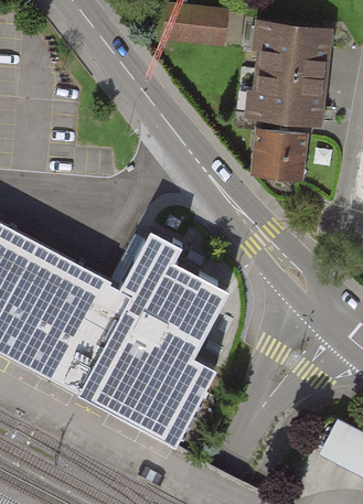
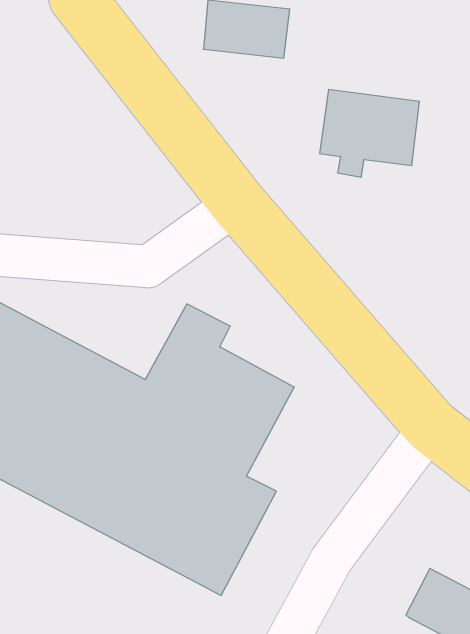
building: [256,23,330,78] -> none
building: [254,131,307,183] -> none

